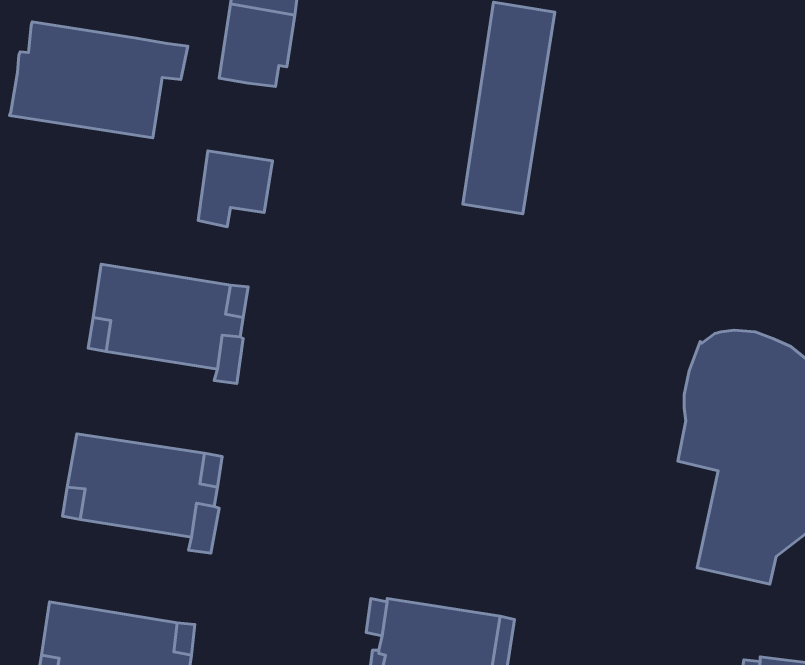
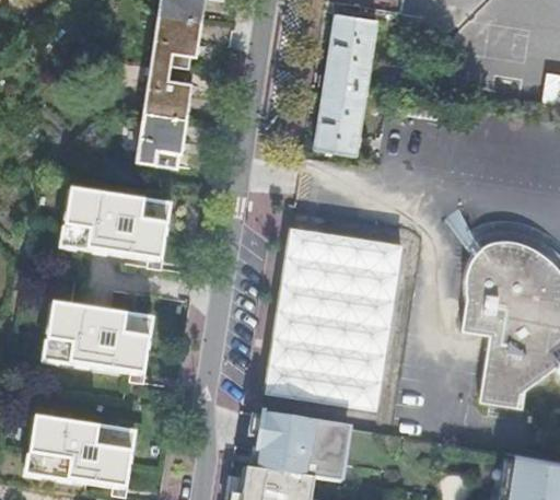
building: [10,22,188,138] -> none
building: none -> [142,62,191,118]
building: none -> [266,232,402,414]

